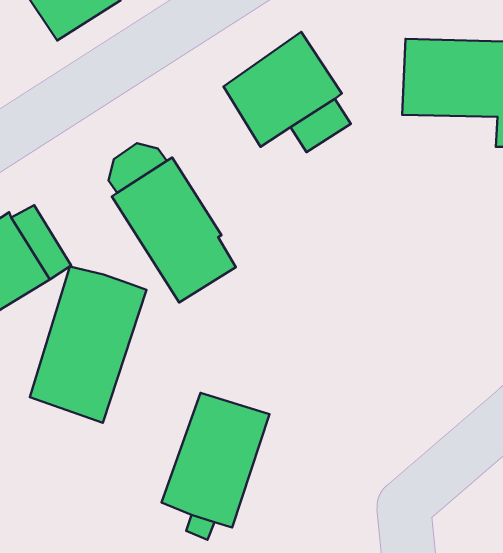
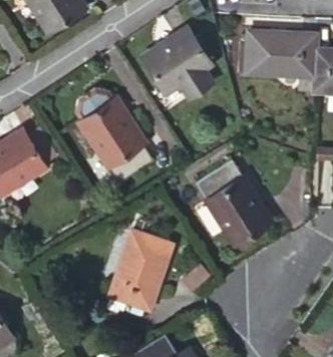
building: [30,266,147,423] -> none
building: none -> [198,161,270,245]

